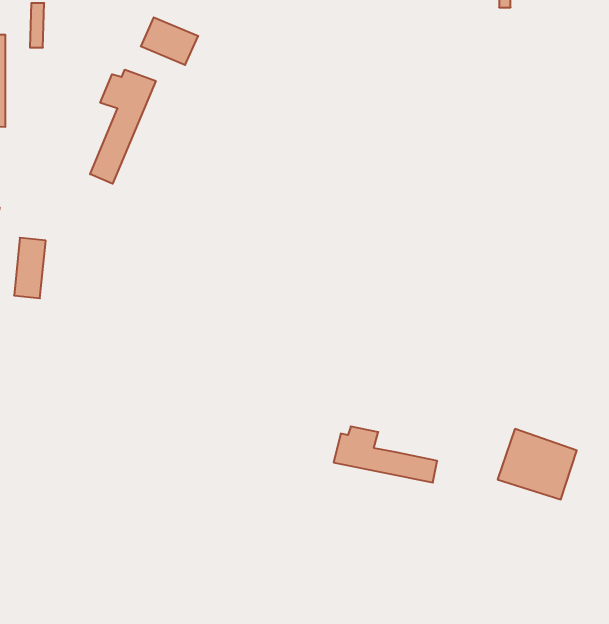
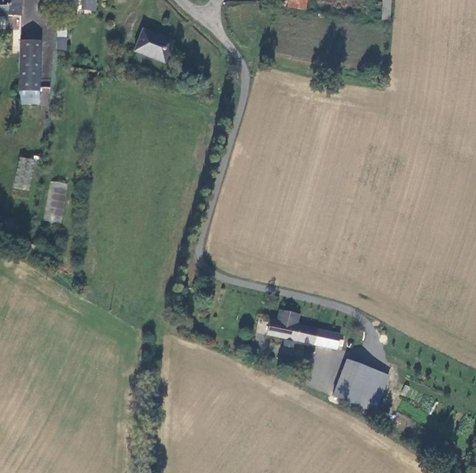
building: [90,70,156,184] -> none
building: [498,429,577,499] -> [335,360,390,409]

